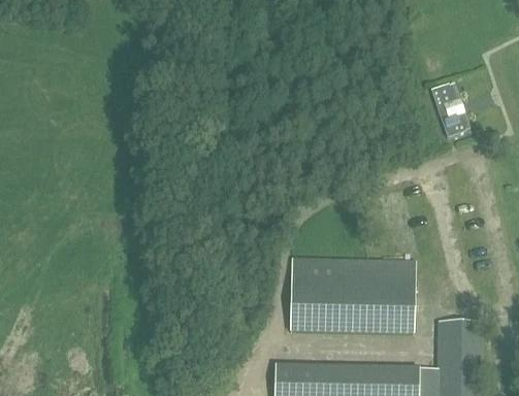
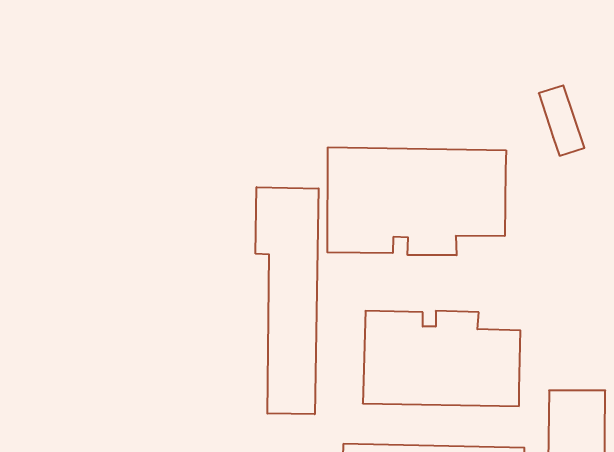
building: none -> [327,147,506,255]
building: none -> [256,187,319,414]

